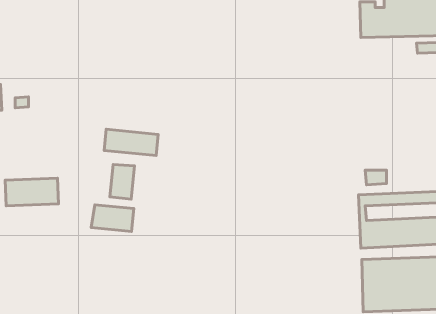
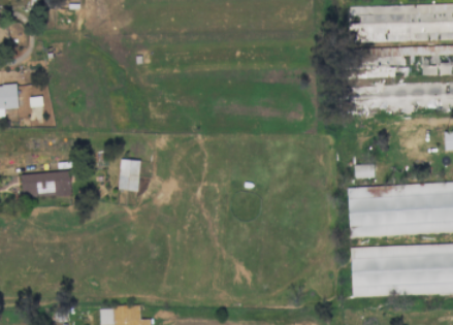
building: [104,129,158,156] -> none
building: [91,205,134,232] -> none

